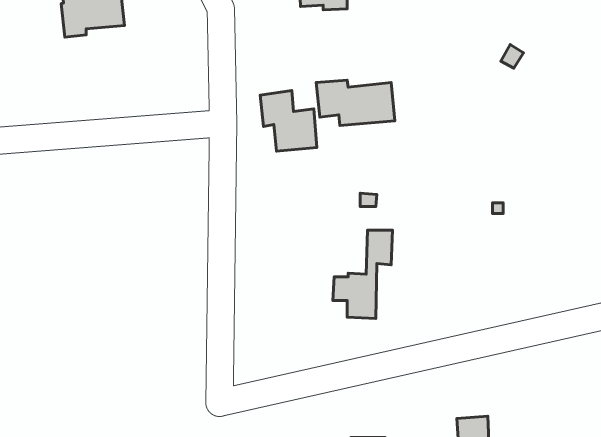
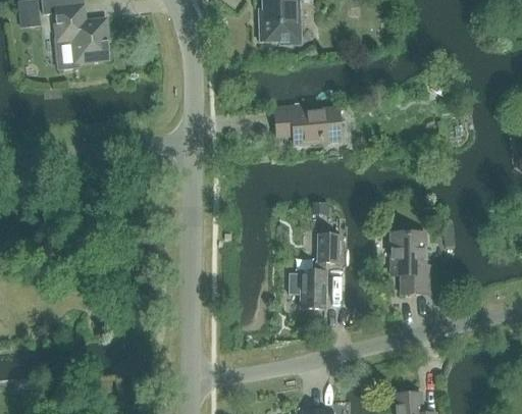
building: [260,91,317,151] -> none
building: none -> [392,231,432,293]

